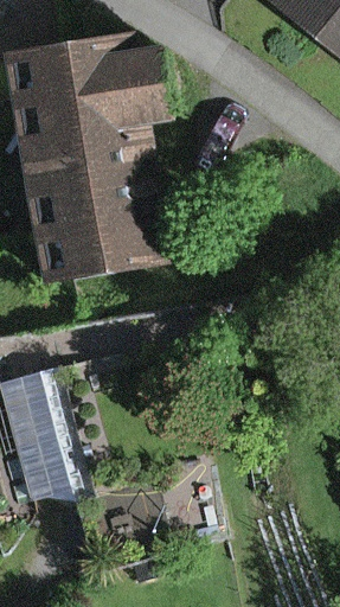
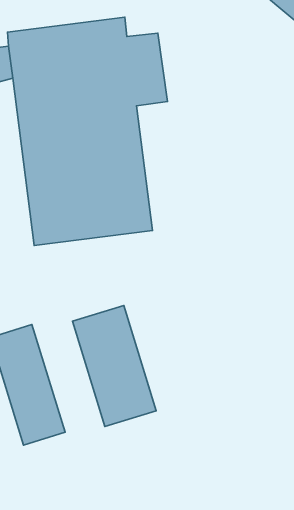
building: none -> [72,305,156,427]

